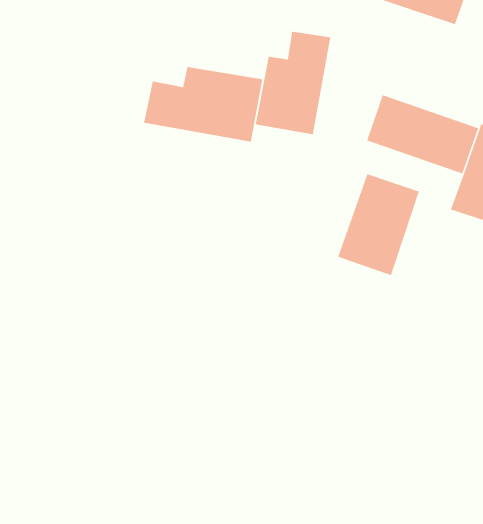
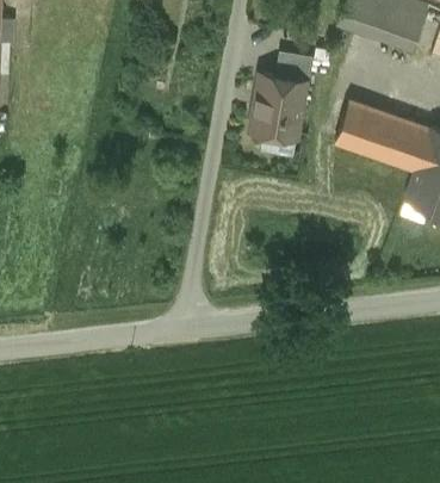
building: [143,66,263,143] -> none
building: [337,173,420,276] -> none

